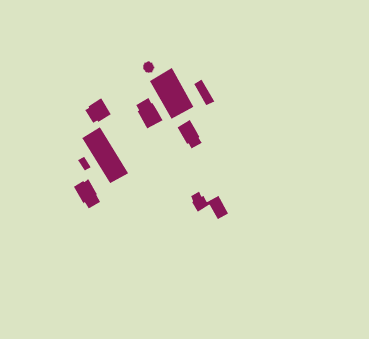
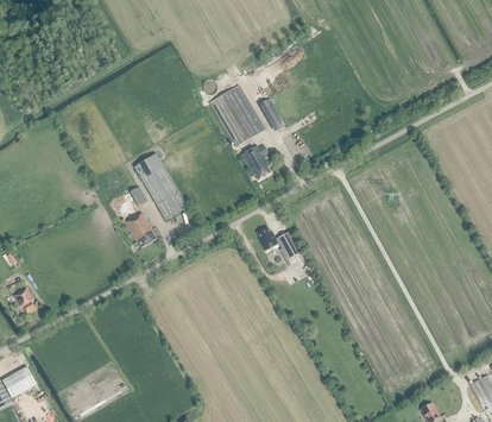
building: [135,97,164,129] -> none
building: [84,97,112,124] -> none

